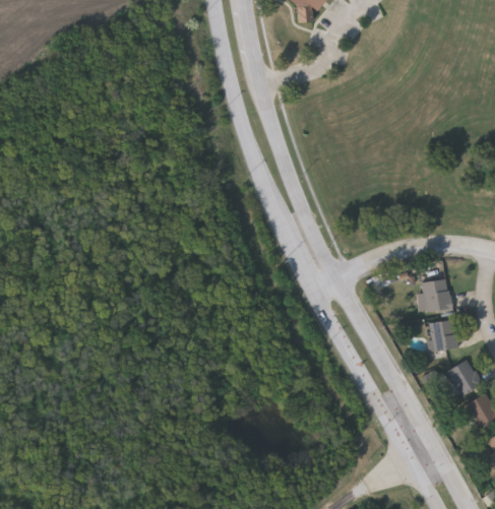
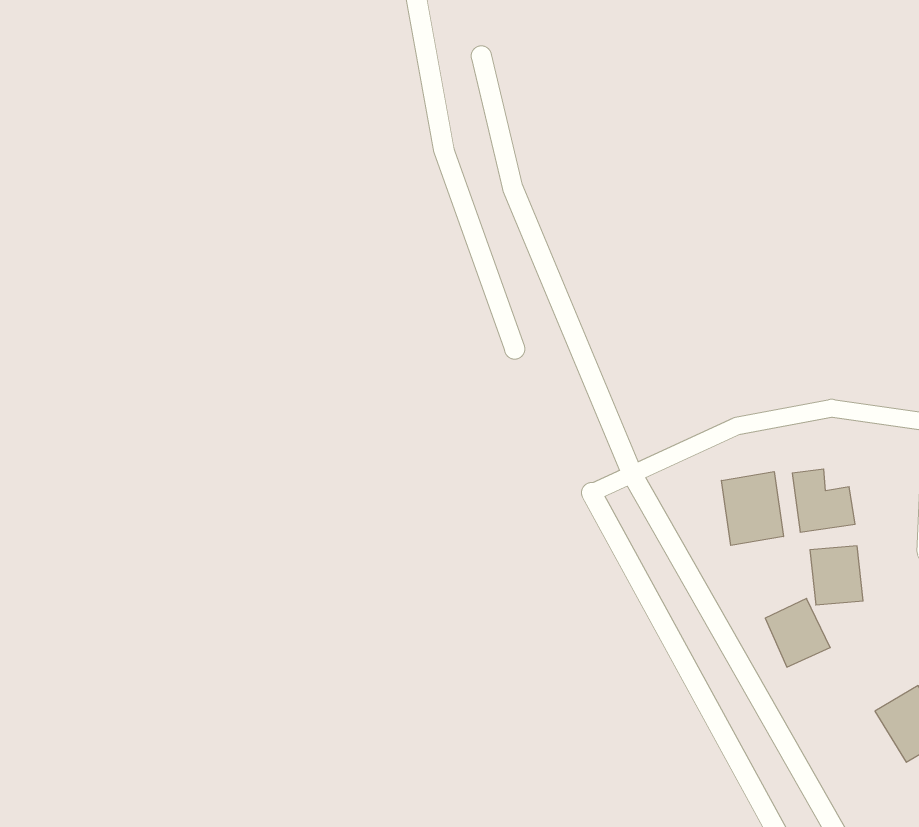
building: none -> [721,472,783,545]
building: [446,359,480,394] -> [765,598,830,667]

